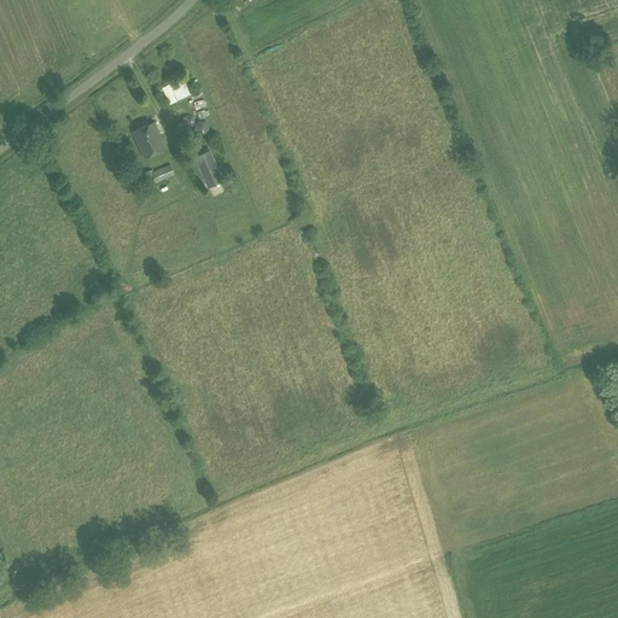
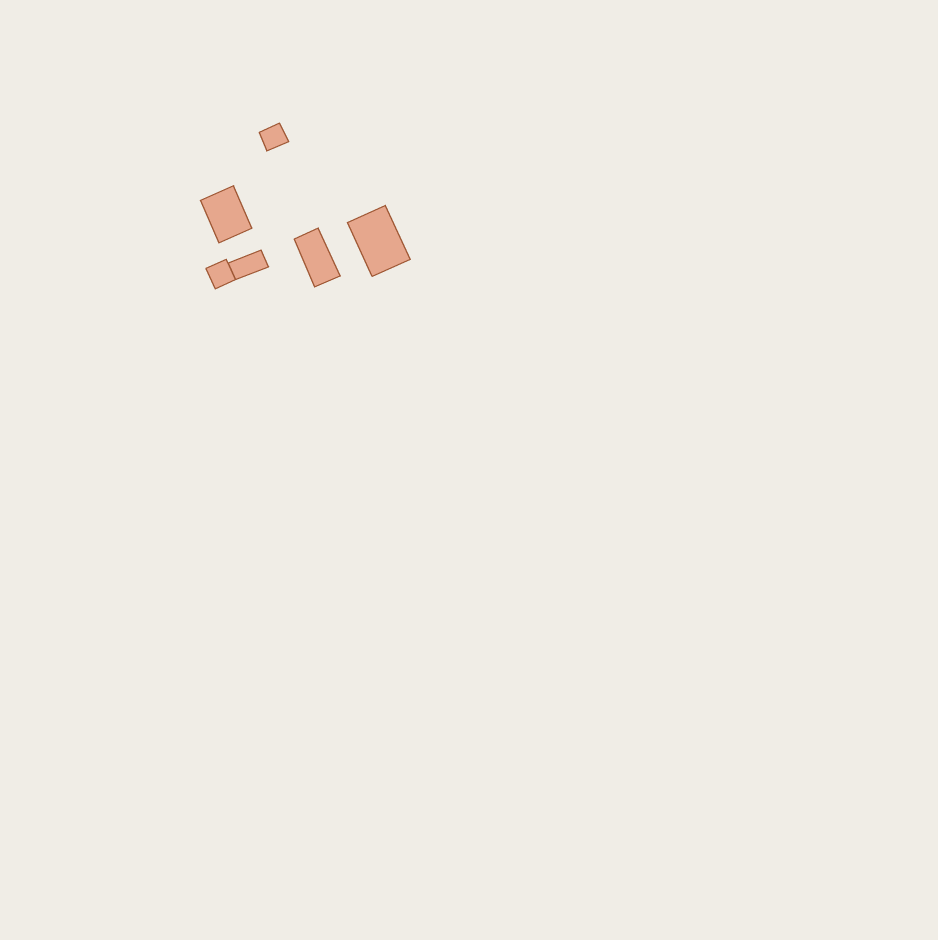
building: none -> [347,205,410,276]

